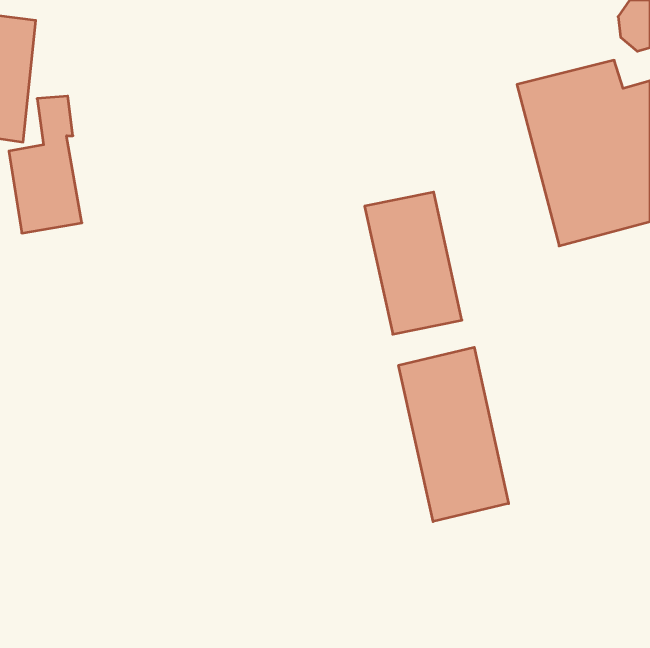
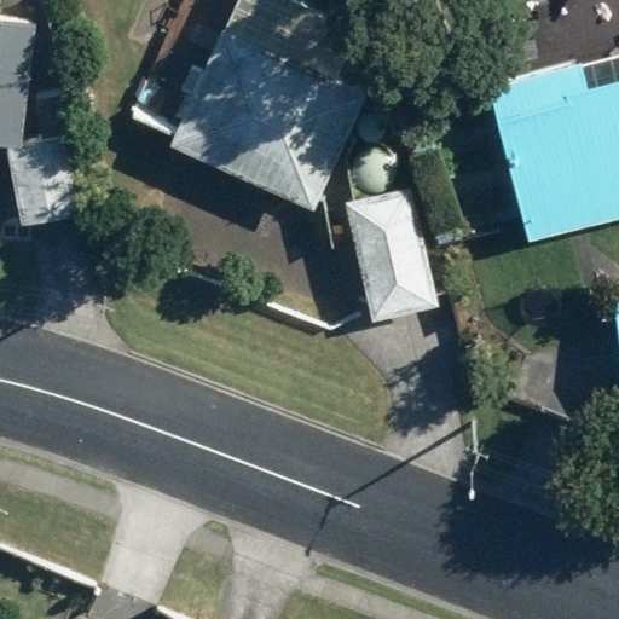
building: none -> [169,28,364,207]
building: [399,347,509,522] -> none

